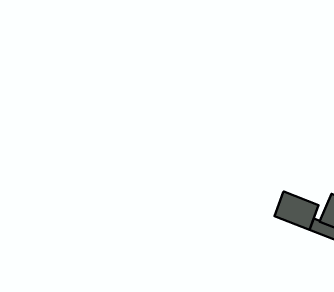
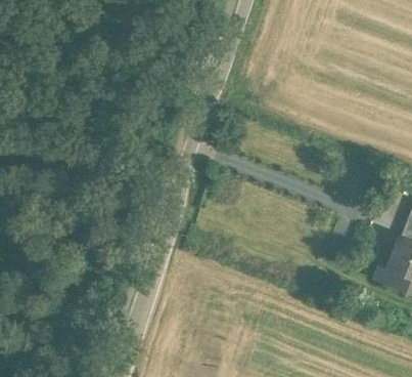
building: [275,192,319,230] -> none

